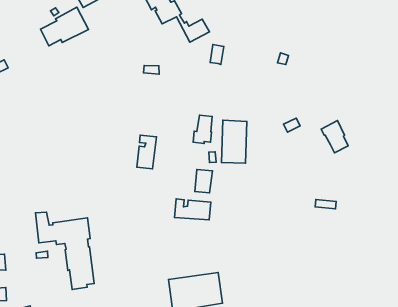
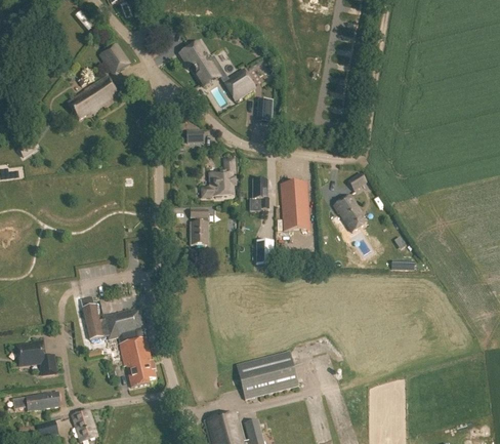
building: none -> [202,158,235,197]
building: [321,121,348,153] -> [333,194,365,230]
building: [174,199,211,220] -> none

